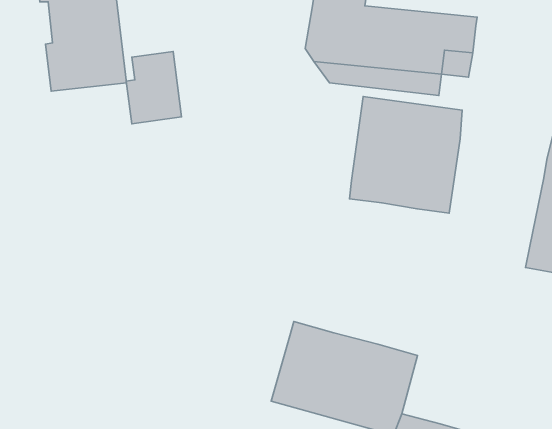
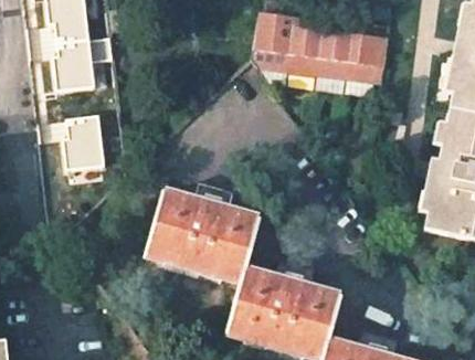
building: [126,51,182,124] -> [60,113,103,169]
building: [349,97,462,213] -> none
building: none -> [144,191,258,279]

